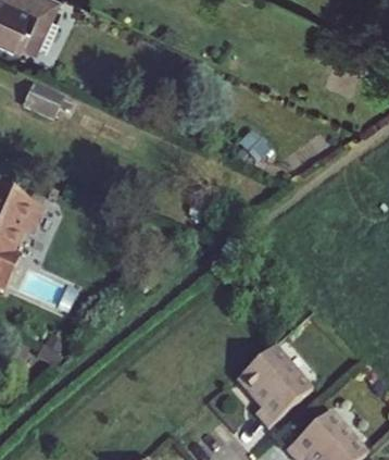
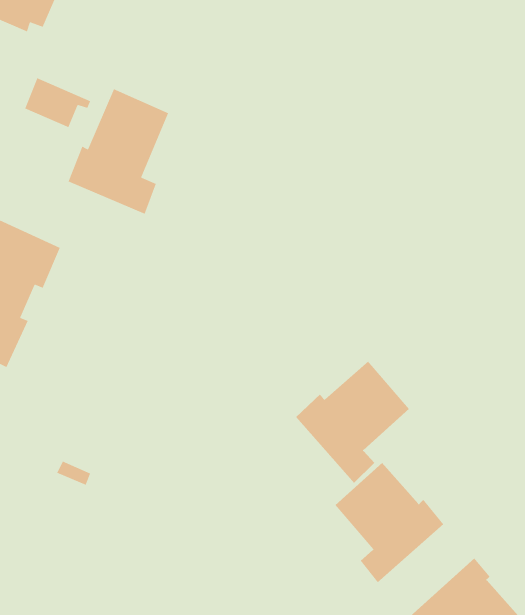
building: none -> [68,88,169,215]
building: none -> [295,361,410,484]

